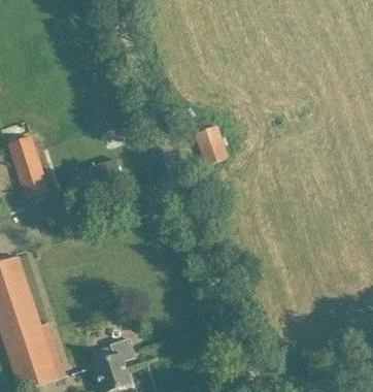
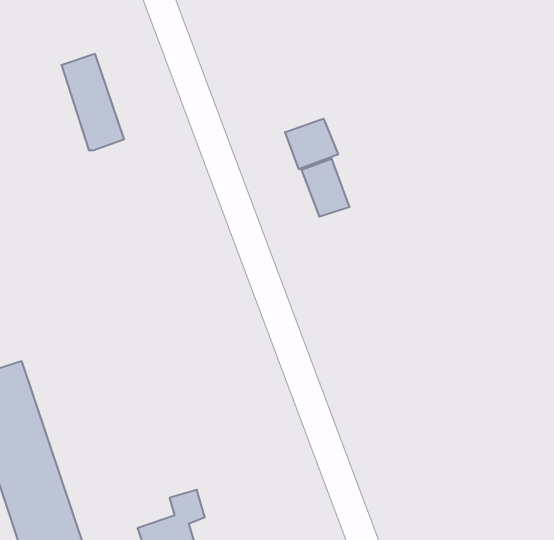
building: none -> [285,119,338,169]
building: [8,135,48,197] -> [61,54,124,150]

